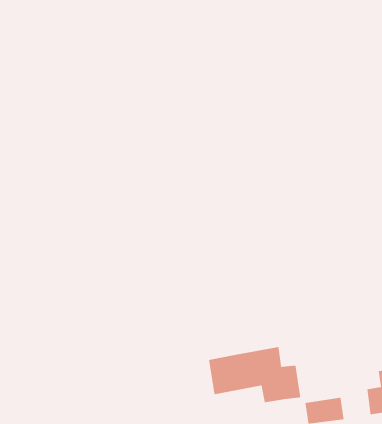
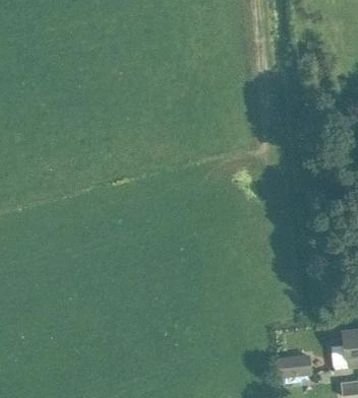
building: [208,346,301,403] -> none

